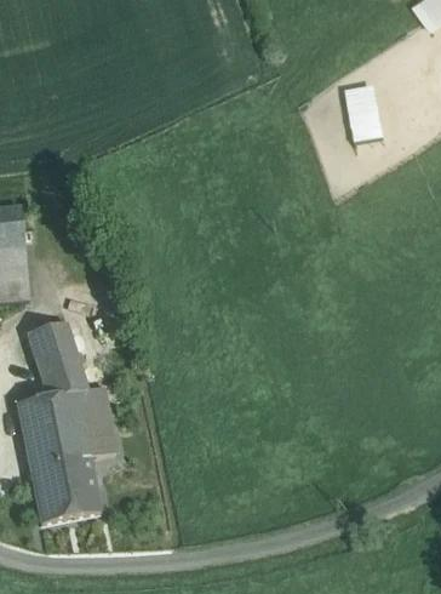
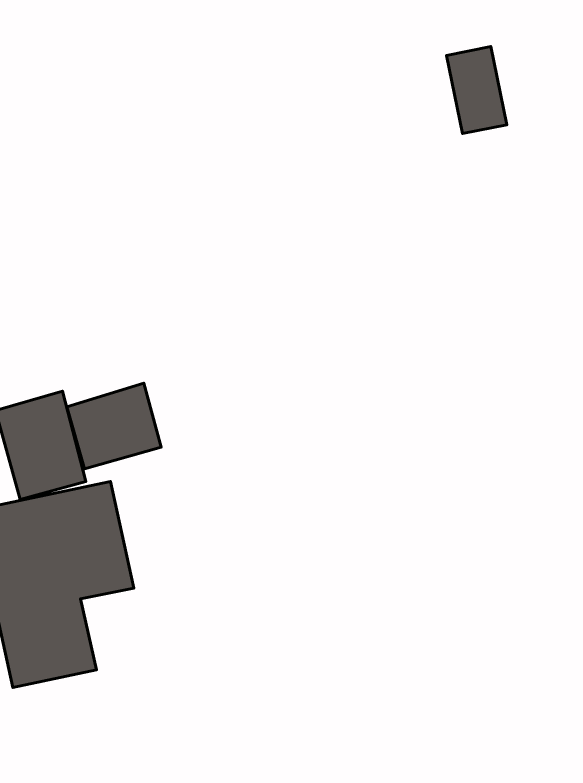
building: none -> [67,383,161,469]

